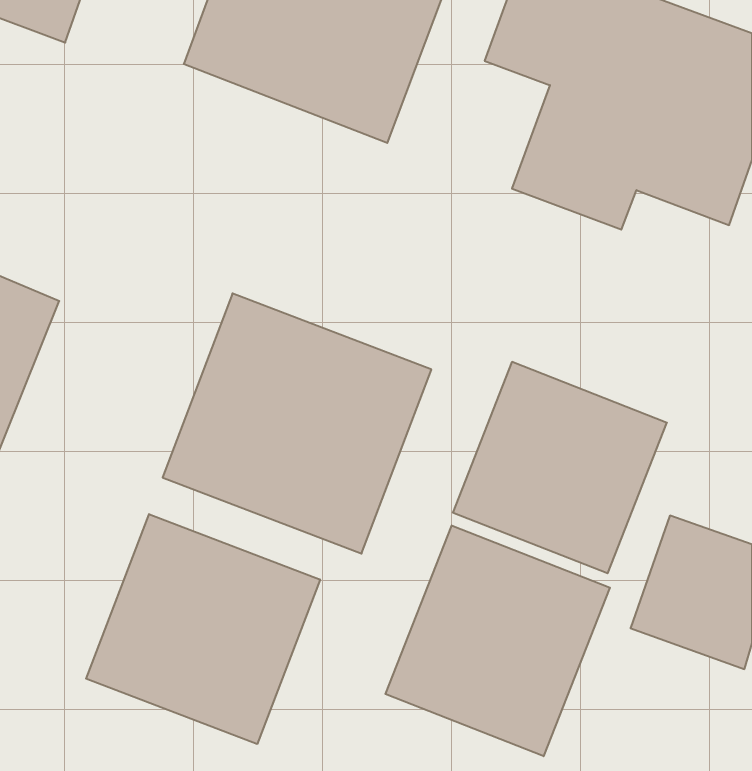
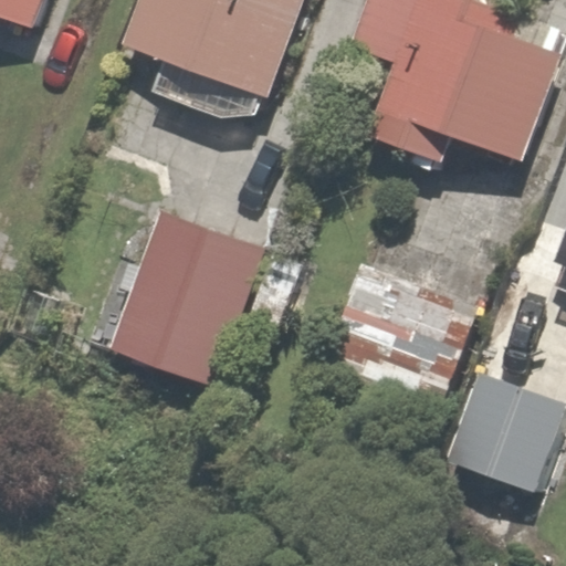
building: [86,514,320,744] -> none
building: [385,525,610,756] -> none

